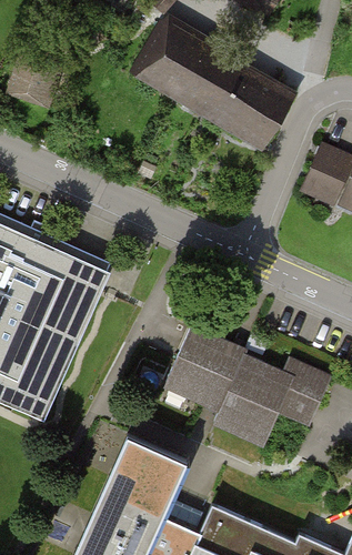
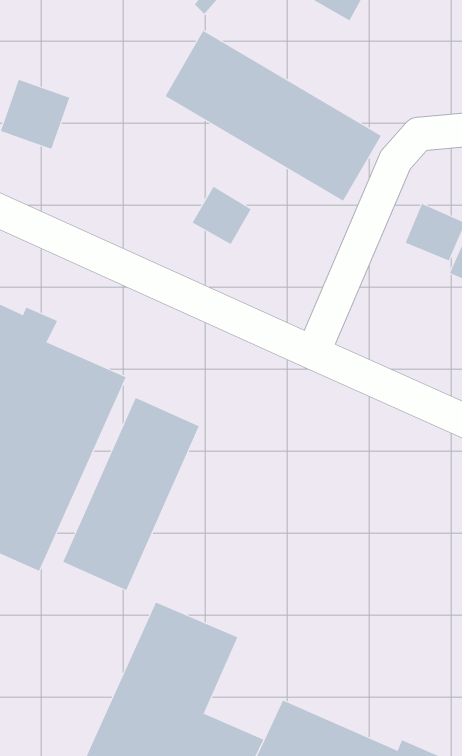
building: none -> [192,186,252,245]
building: none -> [62,397,199,591]
building: [164,331,330,446] -> none

